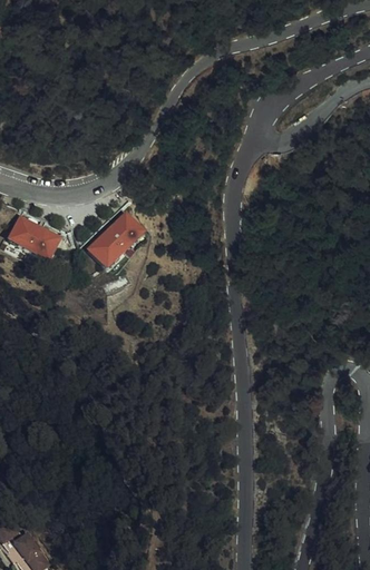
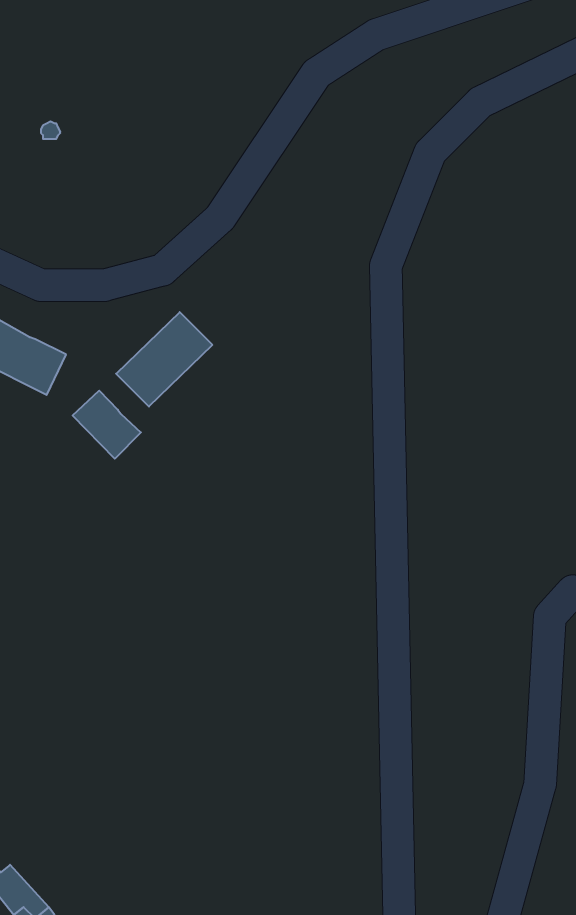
building: none -> [73,391,141,459]

